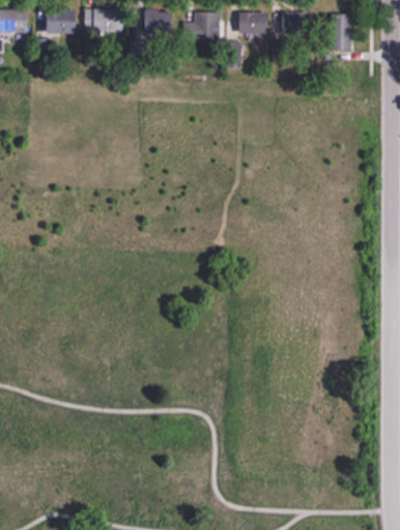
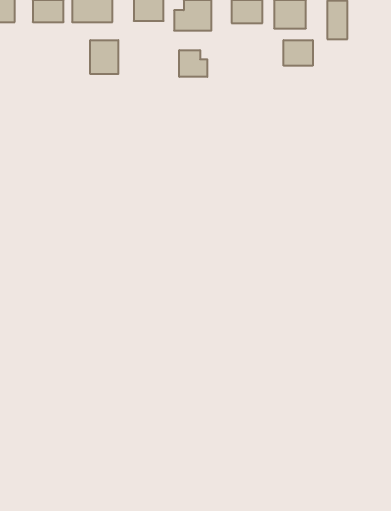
building: none -> [284,40,313,66]
building: none -> [90,40,118,74]
building: none -> [179,50,207,77]

